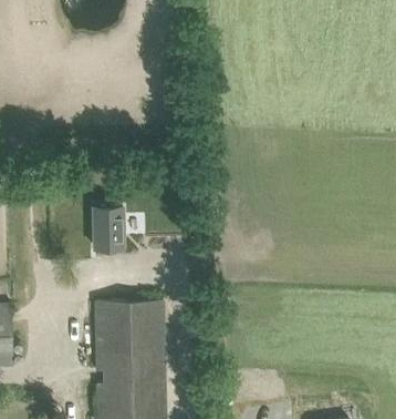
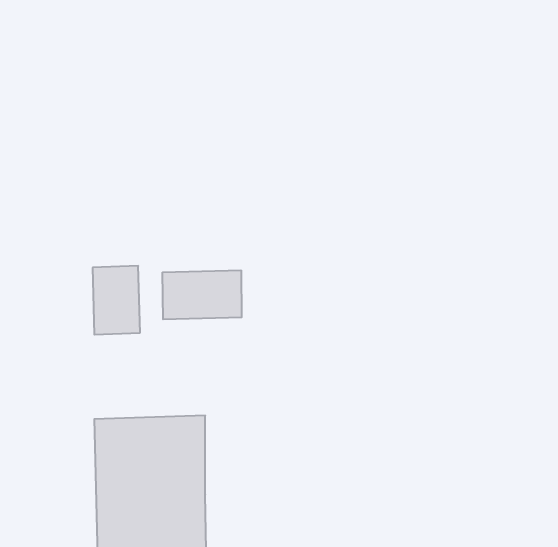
building: none -> [163,270,242,319]

